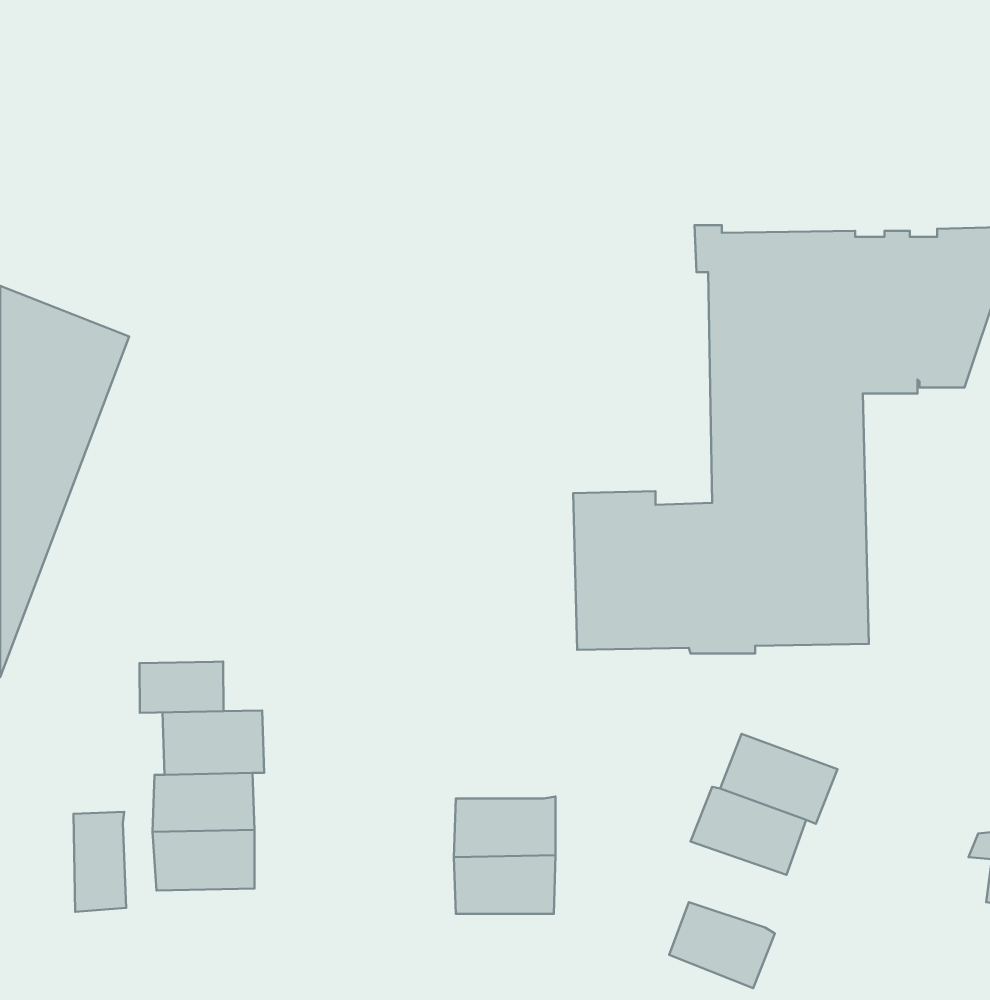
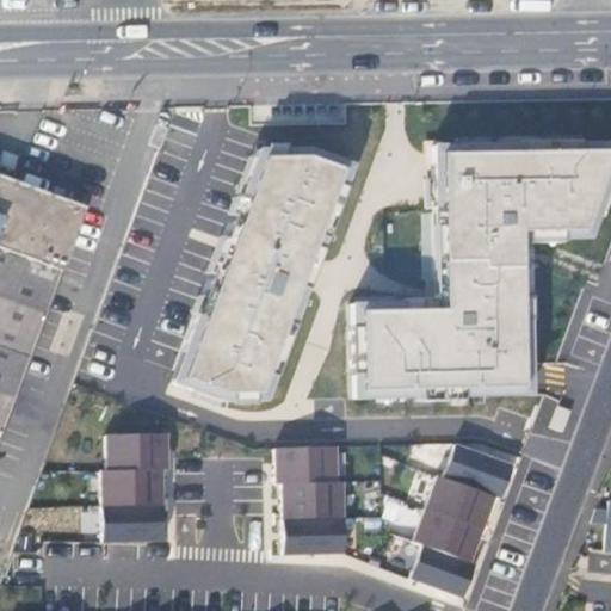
building: none -> [175,146,356,399]
building: [140,662,224,713] -> none
building: none -> [278,450,338,487]
building: [73,812,126,912] -> none
building: none -> [415,513,486,566]

